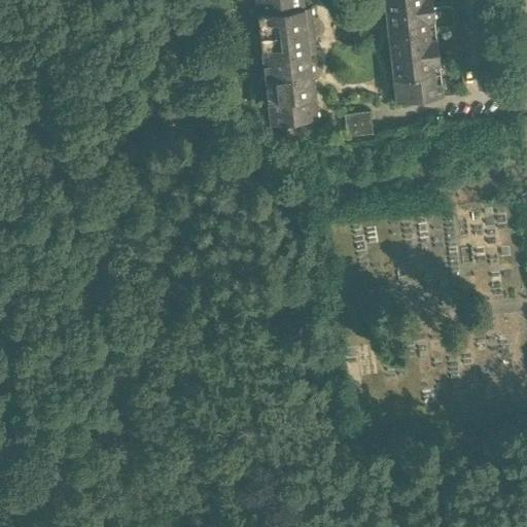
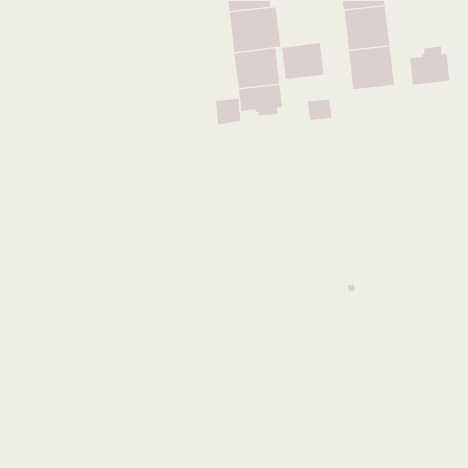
building: none -> [281,42,325,80]
building: none -> [409,46,450,85]
building: none -> [215,98,241,125]

